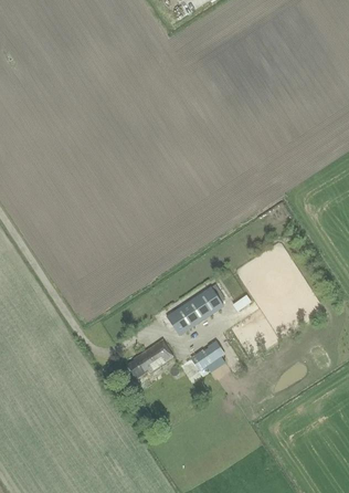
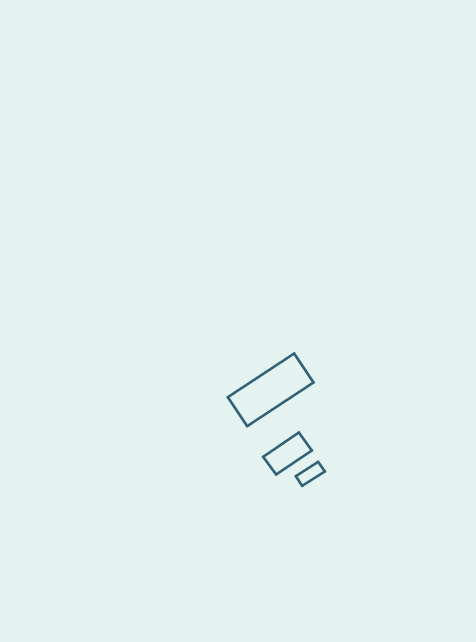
building: [127,337,176,378] -> none

